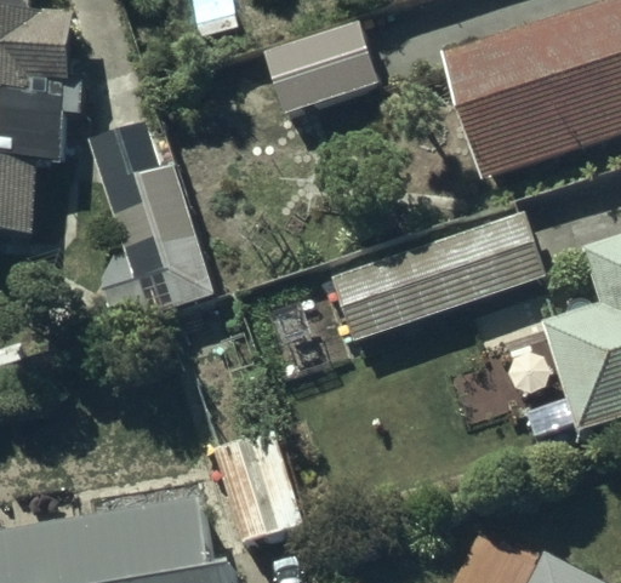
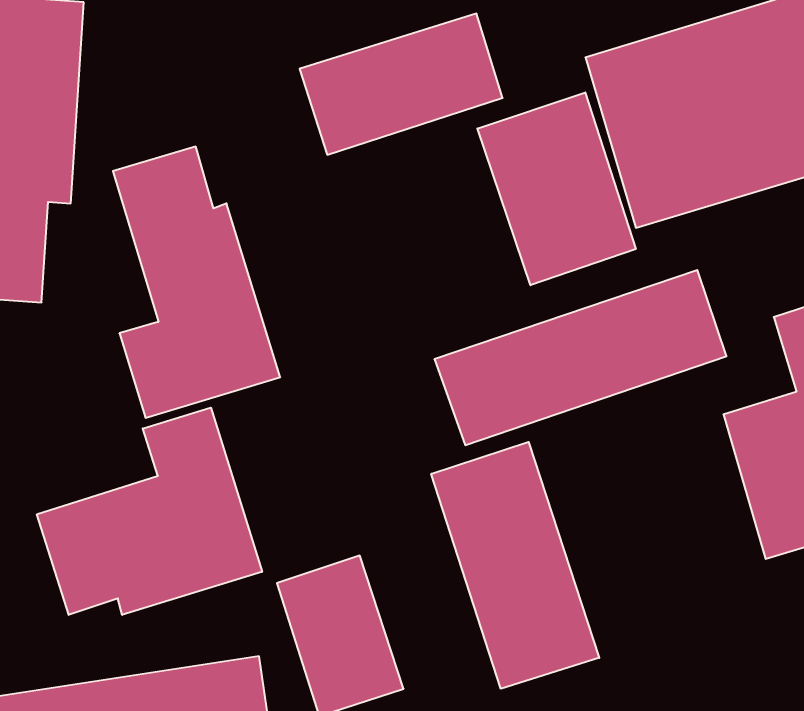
building: none -> [477,92,636,285]
building: none -> [37,408,262,615]
building: none -> [431,442,599,689]

